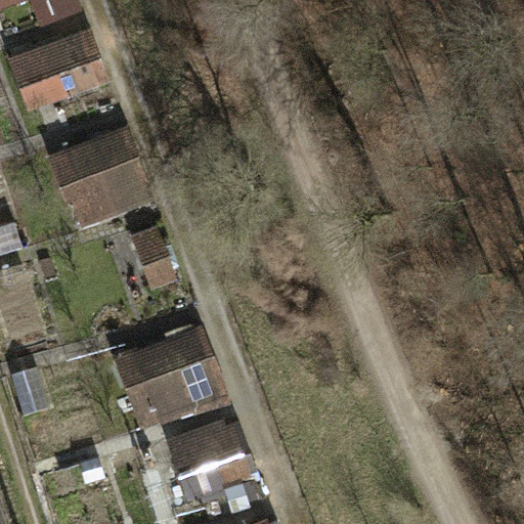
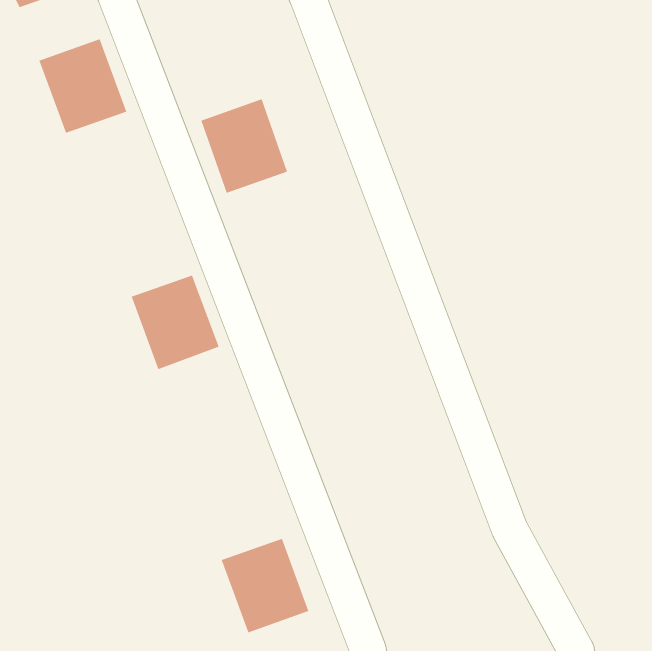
building: [71,128,140,204] -> [201,99,288,194]
building: [146,330,216,405] -> none

